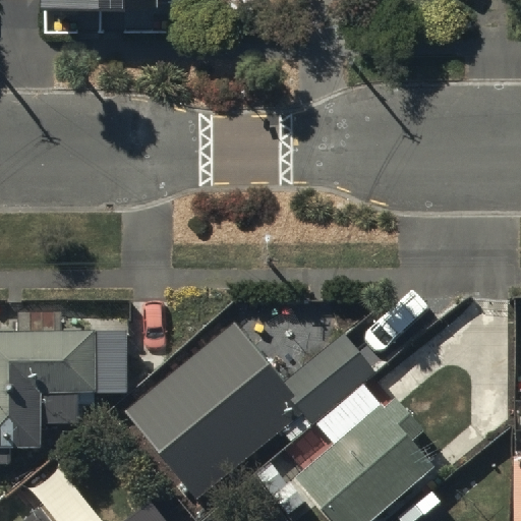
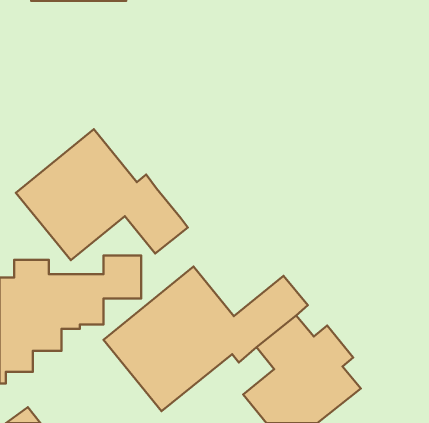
building: none -> [16,129,188,260]

